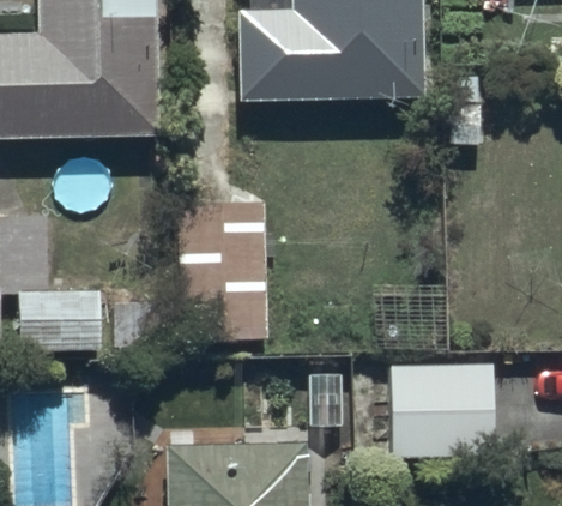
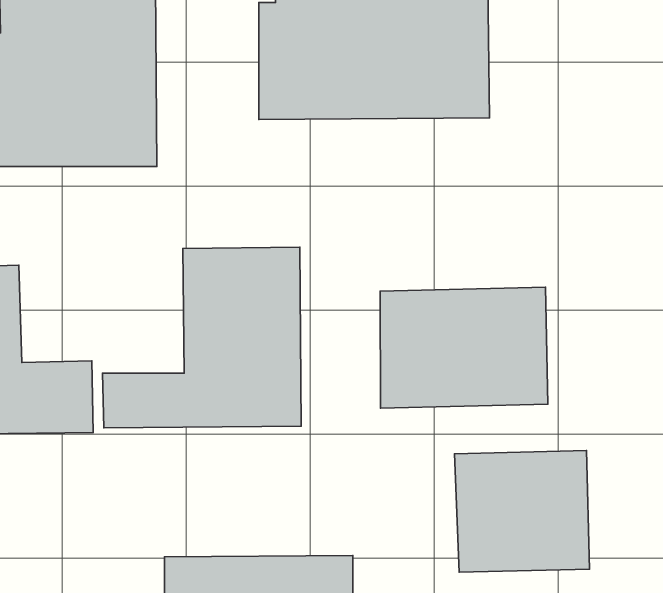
building: none -> [380,287,548,408]

